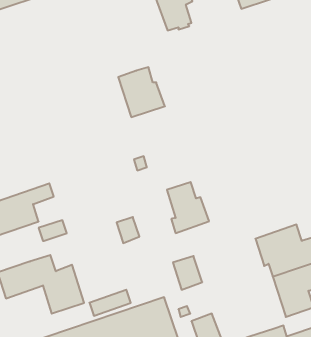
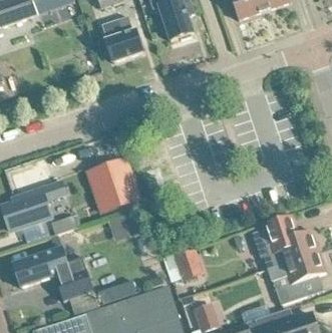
building: [118,67,165,117] -> [100,16,143,62]
building: [167,182,209,233] -> [98,166,137,214]

